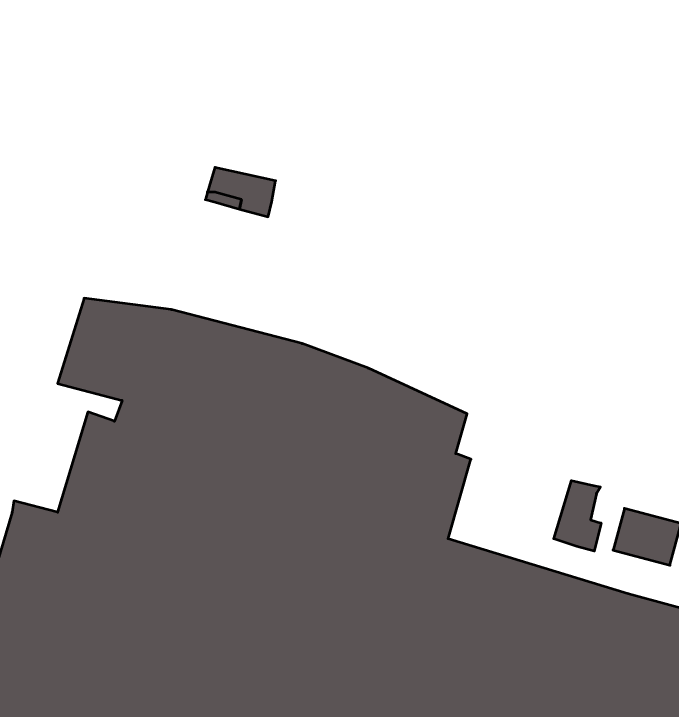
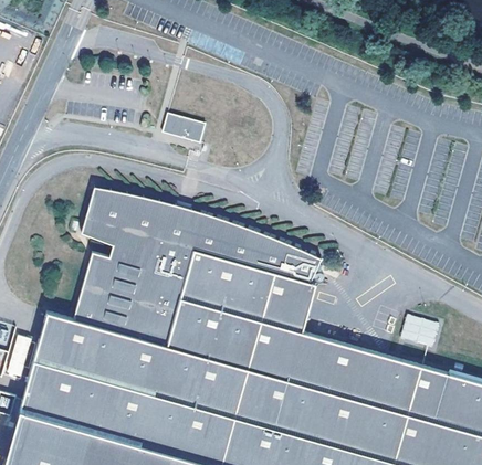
building: [554,481,601,551] -> none

